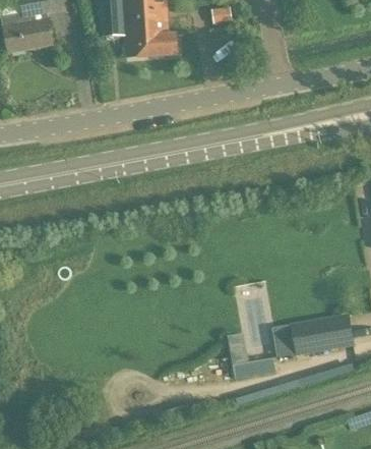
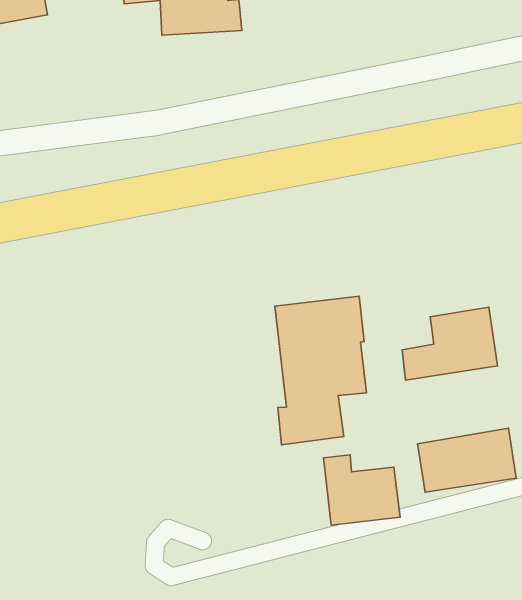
building: none -> [275,296,366,445]
building: none -> [402,307,498,380]

